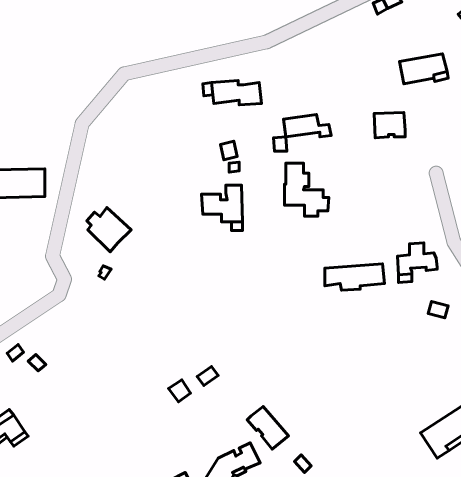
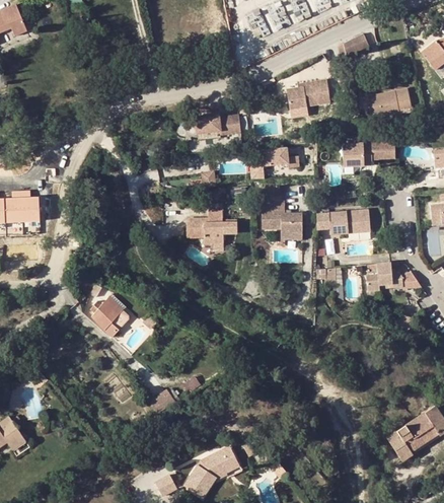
building: none -> [286,78,330,118]
building: none -> [371,142,395,159]
building: [87,208,131,252] -> [90,296,131,337]
building: [325,264,385,290] -> [315,210,370,234]
building: [247,406,288,449] -> none

